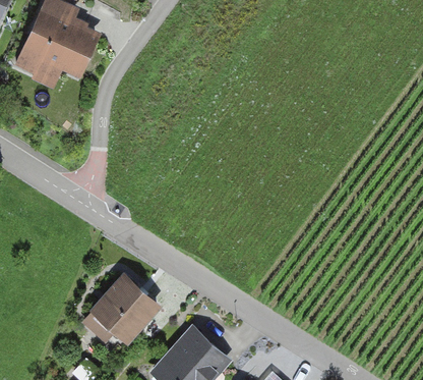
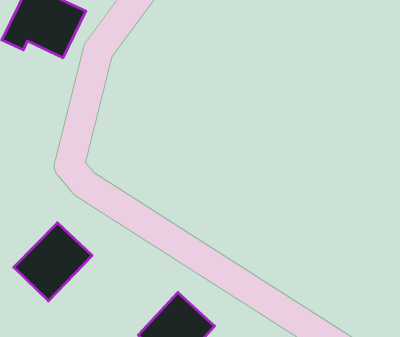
building: [81,276,162,357] -> [14,223,92,301]

